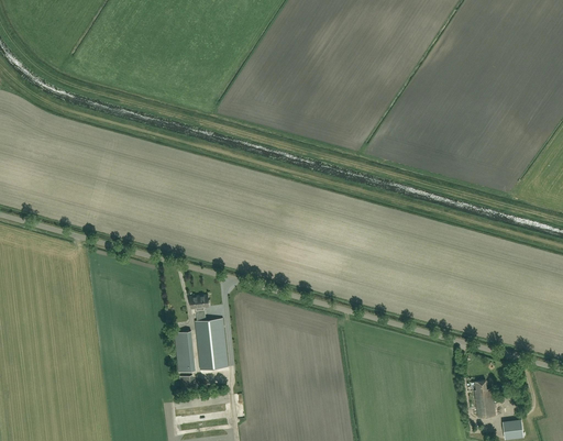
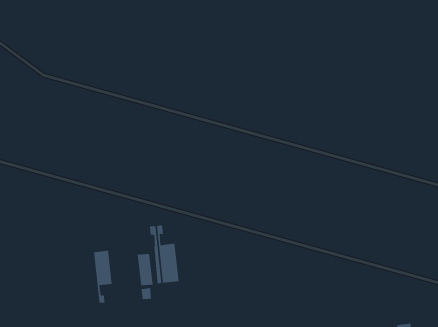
building: none -> [93,250,112,304]
building: [473,381,494,418] -> none

